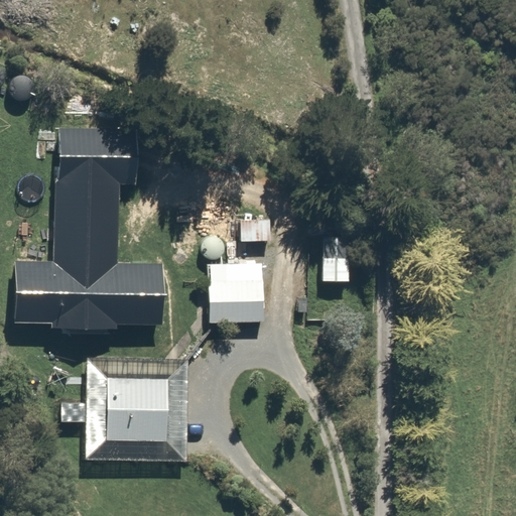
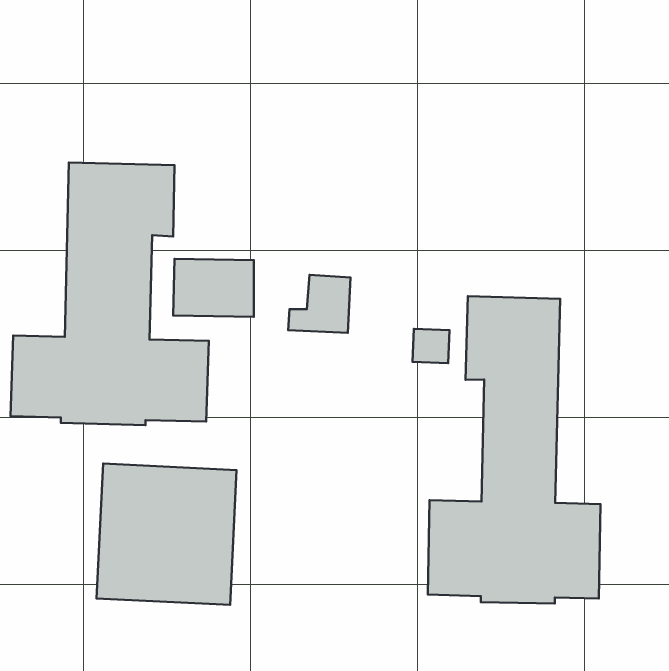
building: none -> [428,296,600,604]
building: [205,277,266,321] -> [173,259,254,317]

